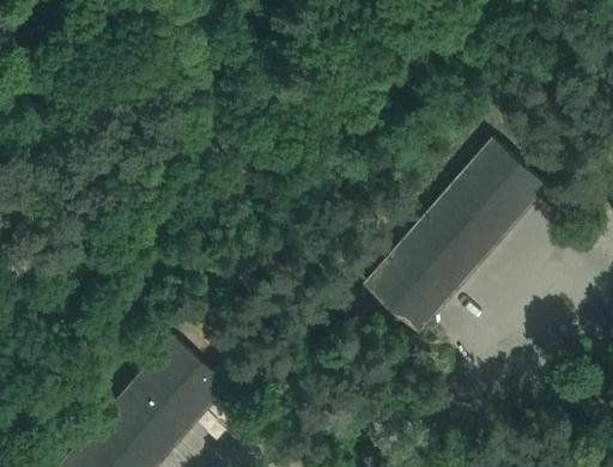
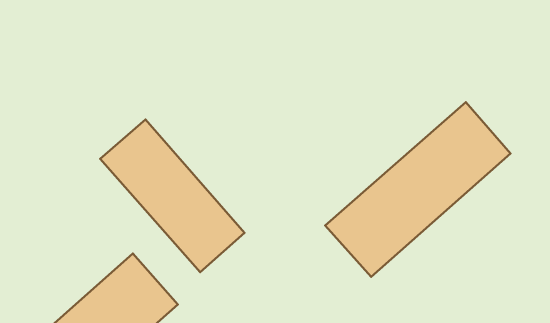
building: none -> [100,119,245,272]

